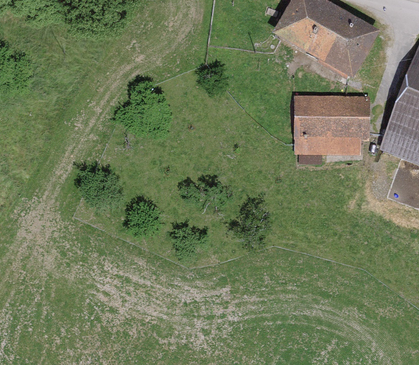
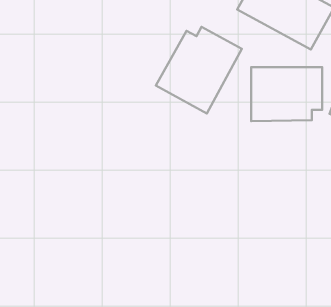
building: none -> [156,27,242,113]

